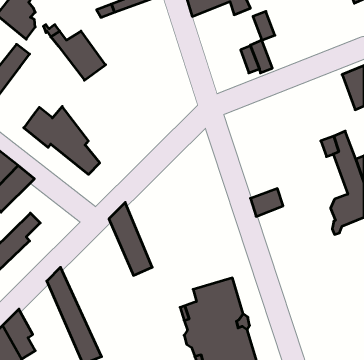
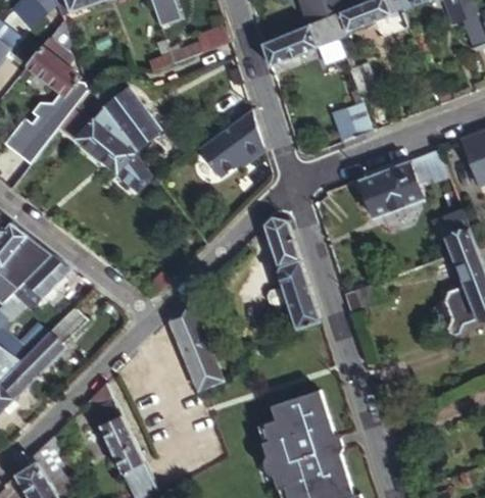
building: none -> [199,111,264,179]
building: none -> [355,148,448,220]
building: [24,106,100,174] -> [54,104,149,189]
building: none -> [263,210,320,333]

